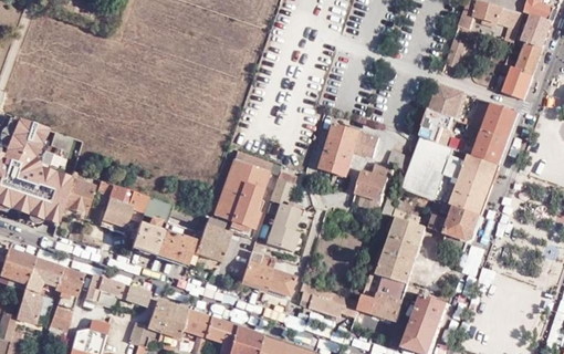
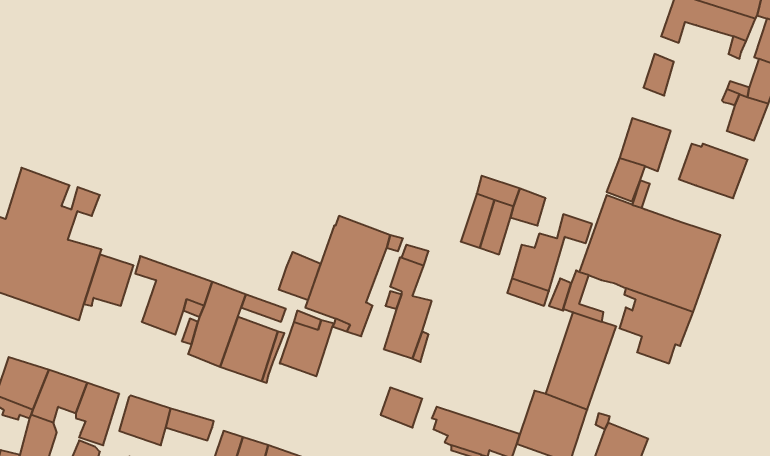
building: [447,124,508,164] -> none
building: none -> [279,252,321,300]
building: [240,250,274,291] -> none

